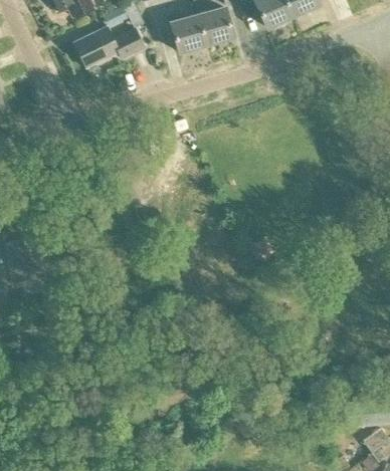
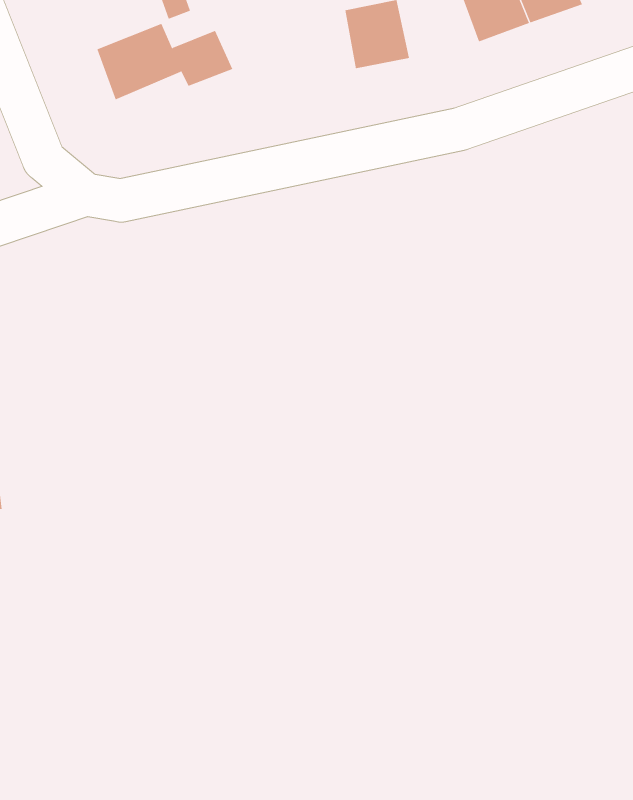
building: [171,15,205,51] -> none

